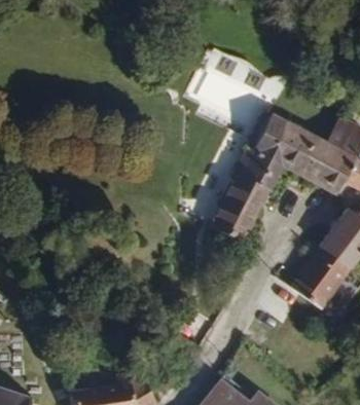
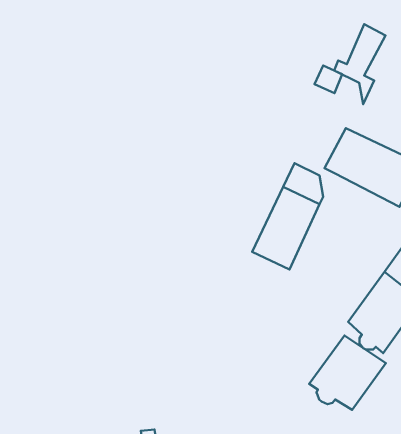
building: [248,116,290,182] -> [334,24,385,104]
building: none -> [309,336,386,410]

